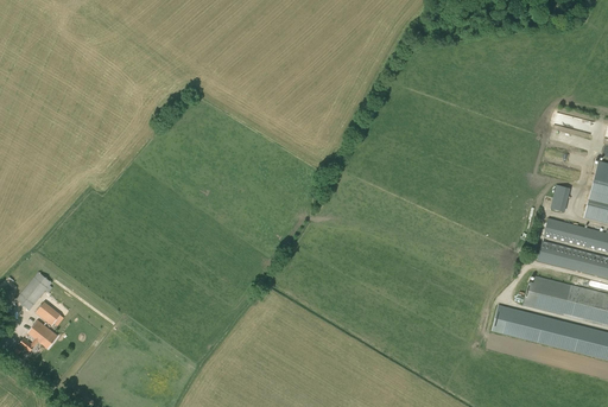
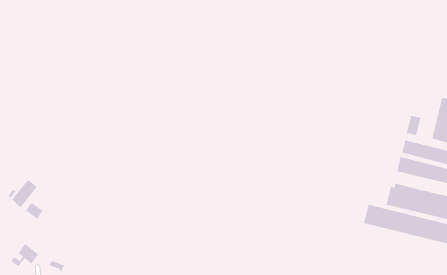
building: [20,320,58,352] -> [11,243,39,267]

